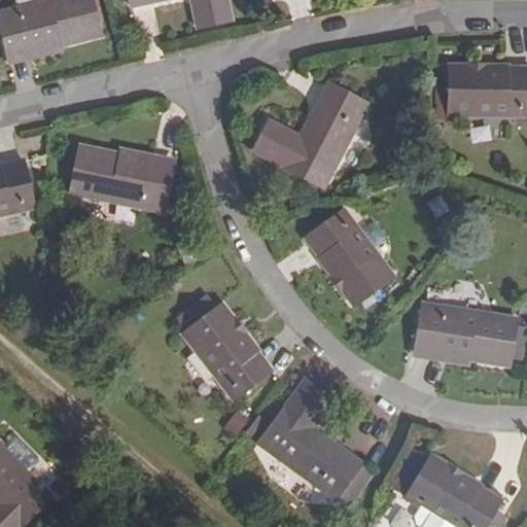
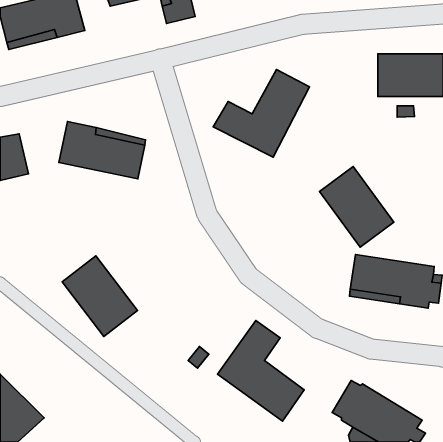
building: [305,209,393,305] -> [319,166,394,247]
building: [182,304,272,399] -> [62,256,138,337]

